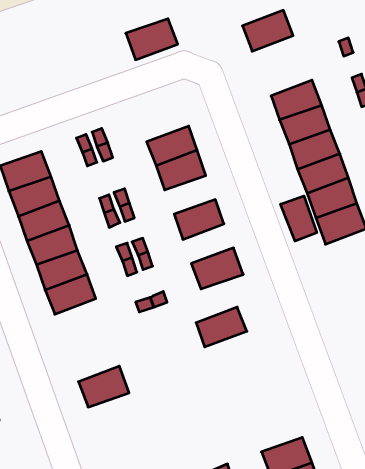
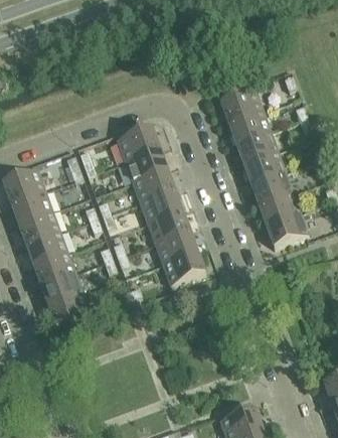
building: [242,10,293,51] -> [220,90,263,124]
building: [126,19,178,60] -> [117,128,160,162]
building: none -> [140,190,182,223]
building: [281,196,317,241] -> none
building: [196,307,247,347] -> [155,231,197,264]
building: [78,366,129,407] -> [48,293,91,327]

